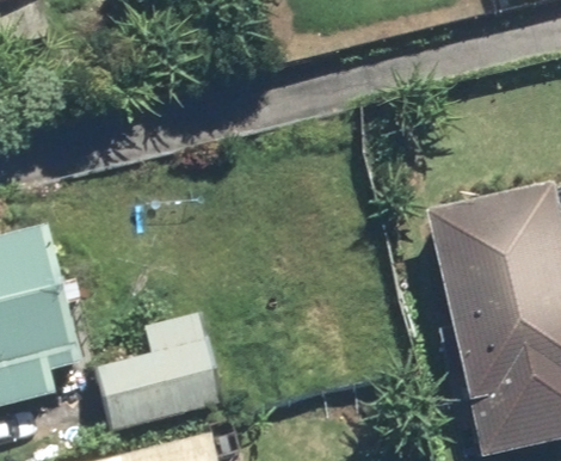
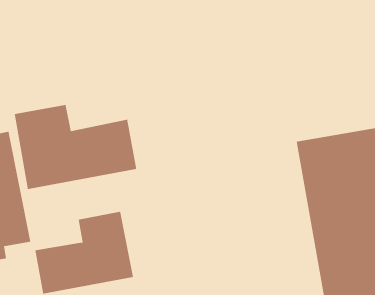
building: none -> [14,104,137,190]

